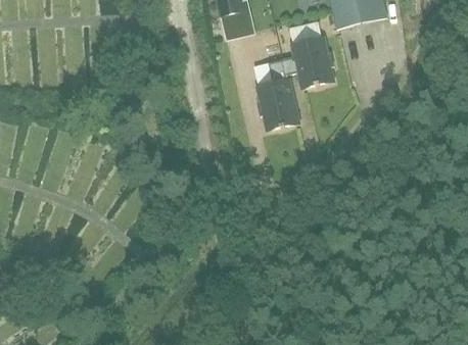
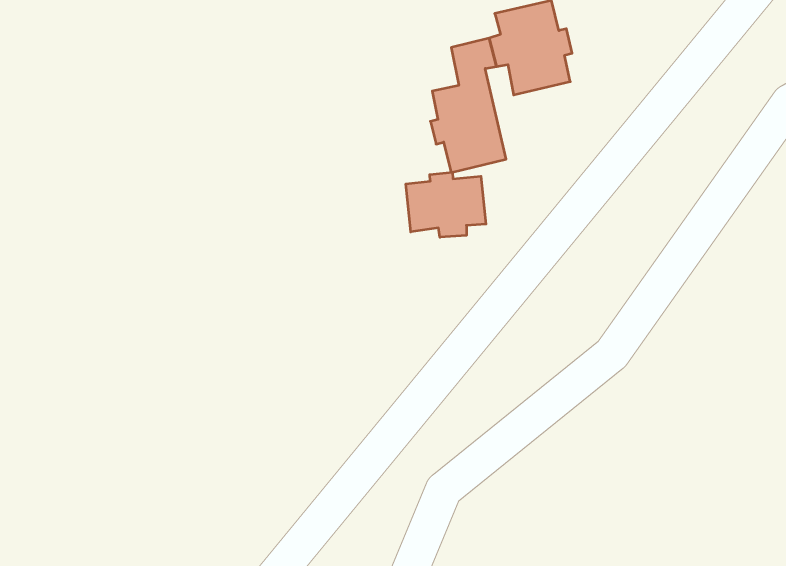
building: none -> [406,172,486,237]

